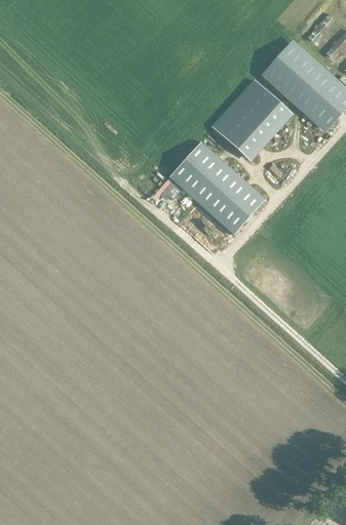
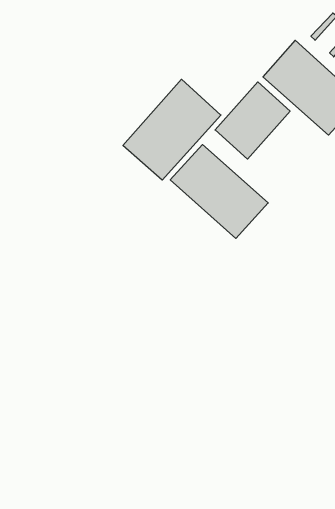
building: none -> [123,79,221,180]

